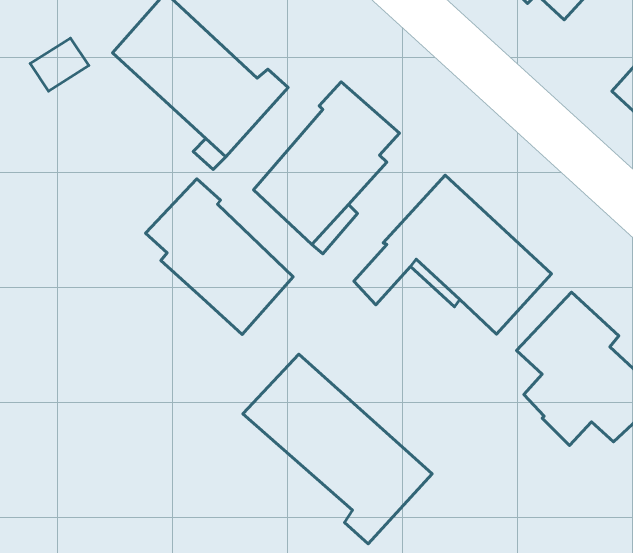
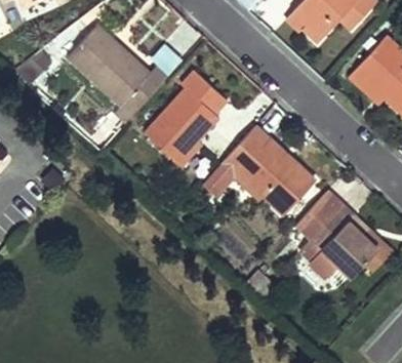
building: [145,179,293,334] -> none
building: [243,354,432,544] -> none

